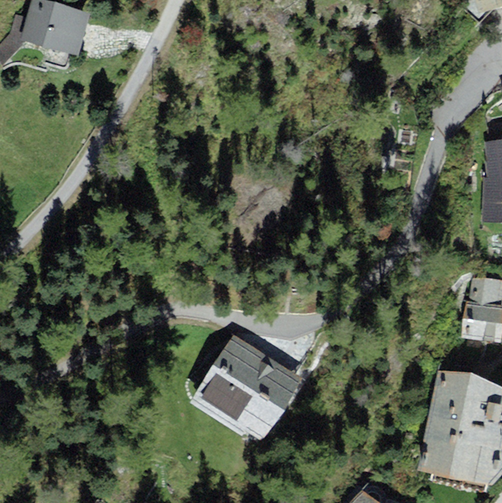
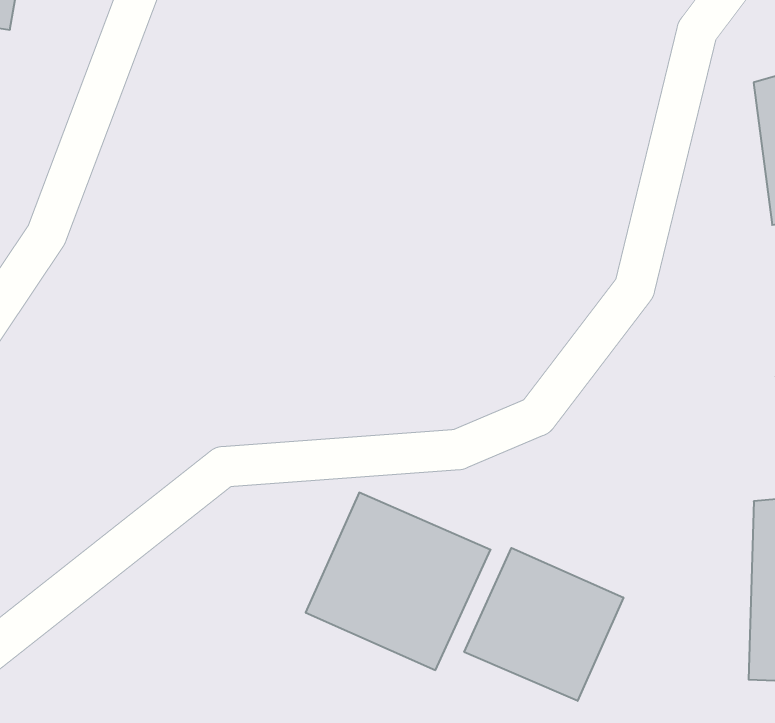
building: none -> [464,548,623,701]

